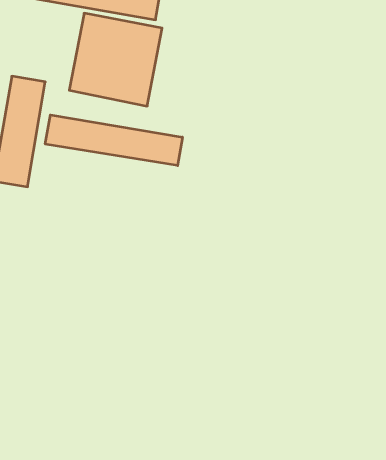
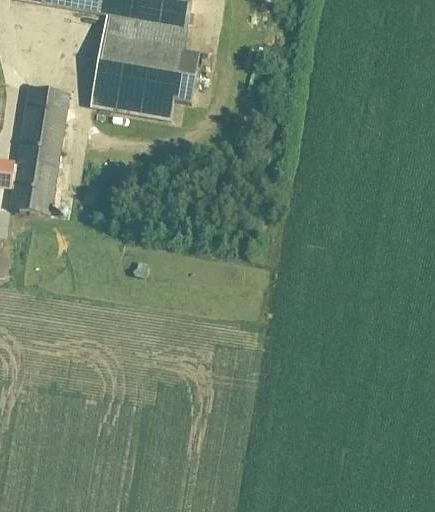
building: [45,115,182,166] -> none

